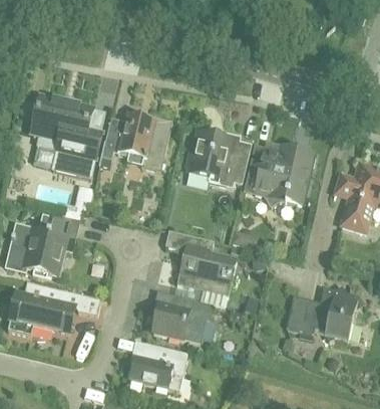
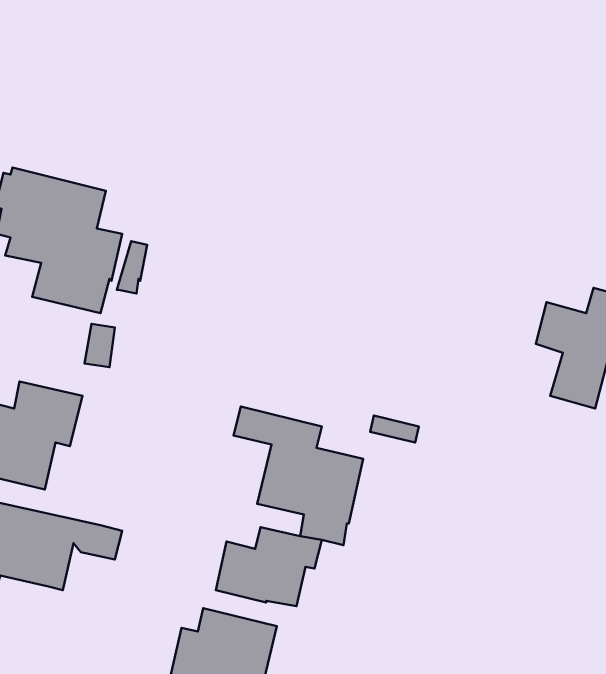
building: [116,110,171,171] -> none
building: [185,131,251,189] -> none
building: [246,143,313,207] -> none
building: [299,285,364,343] -> none

